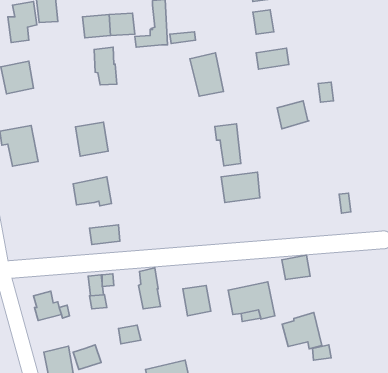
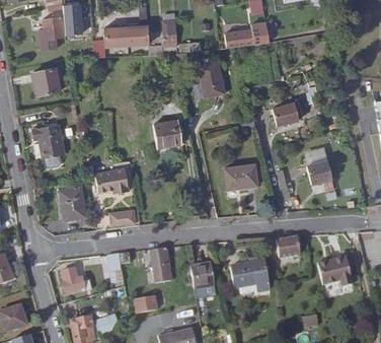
building: [94,47,117,85] -> none
building: [256,48,289,69] -> [226,29,254,48]
building: [75,122,108,156] -> [154,119,182,148]
building: [215,124,241,166] -> none
building: none -> [307,159,332,185]
building: none -> [59,186,87,220]
building: [282,313,322,349] -> [318,255,353,286]

